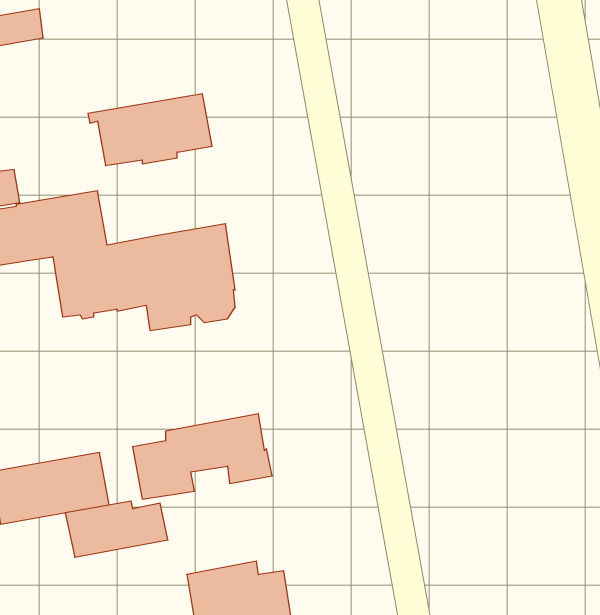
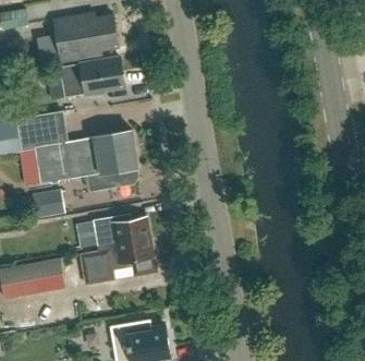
building: none -> [52,12,117,62]
building: none -> [31,190,64,218]
building: [65,501,168,557] -> [92,215,149,246]

